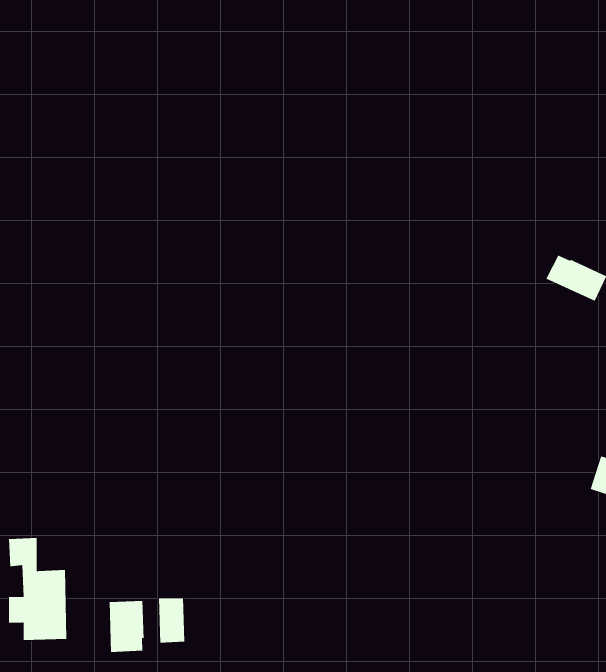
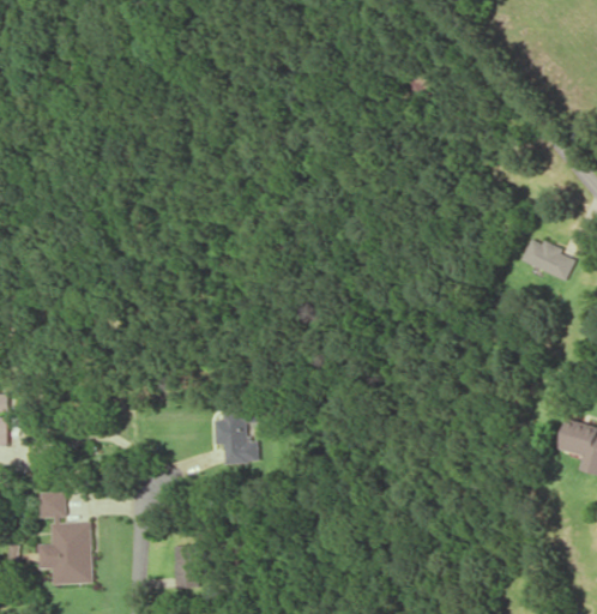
building: none -> [213,416,258,464]
building: [109,600,144,653] -> none

